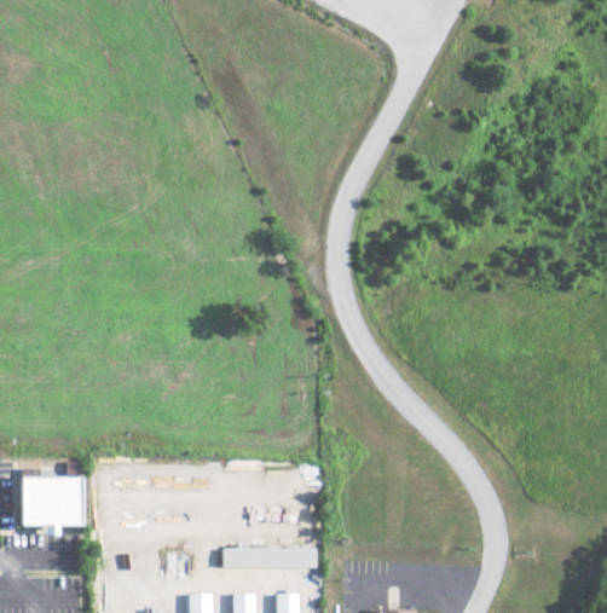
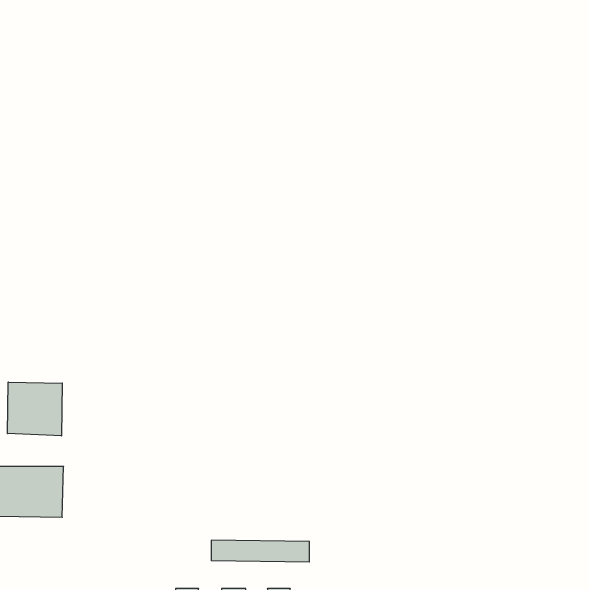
building: none -> [7,382,62,436]

